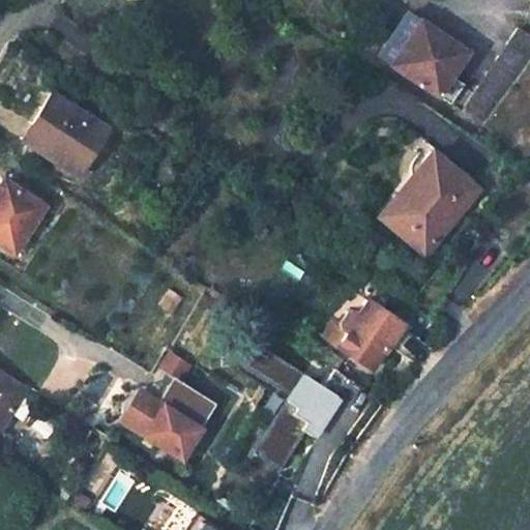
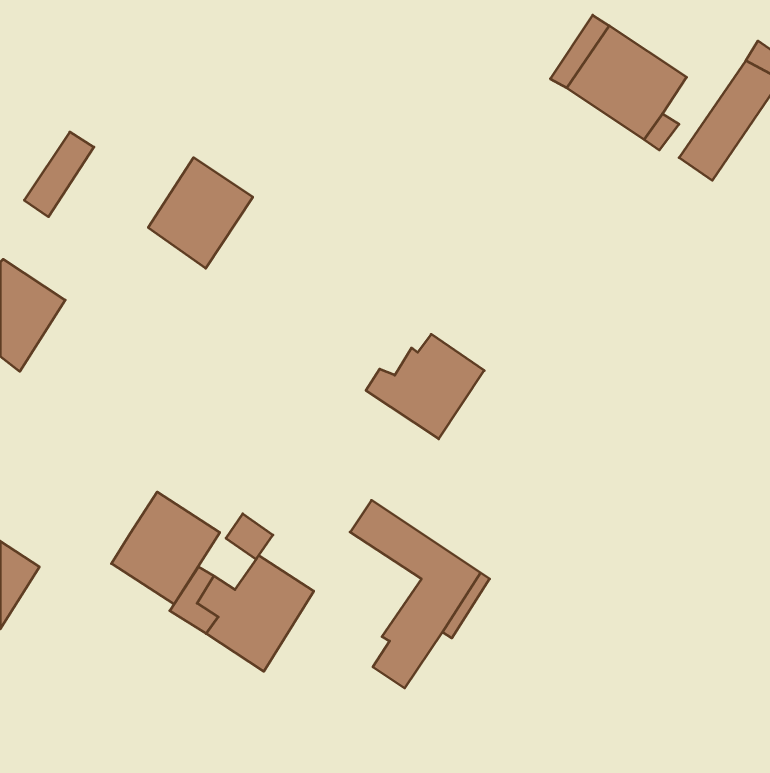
building: [36,101,108,177] -> [148,158,253,268]
building: [379,151,480,256] -> none
building: [322,300,403,372] -> [366,334,484,439]
building: none -> [111,492,220,604]

